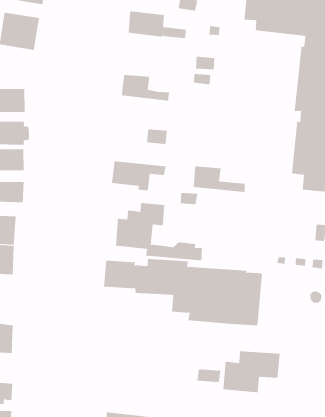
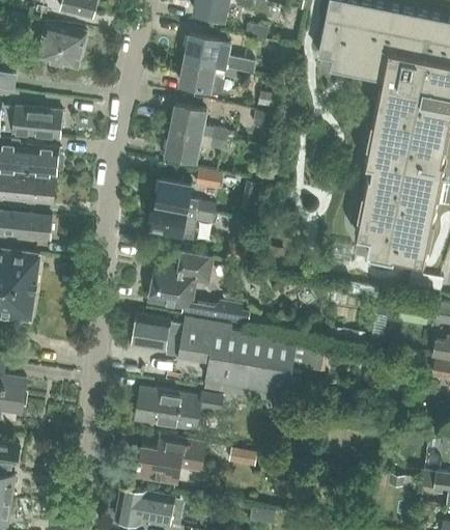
building: none -> [180,59,245,94]
building: none -> [166,130,225,161]
building: [193,166,246,192] -> [157,179,217,215]
building: none -> [135,388,223,431]
building: [223,351,281,393] -> [137,436,206,485]

